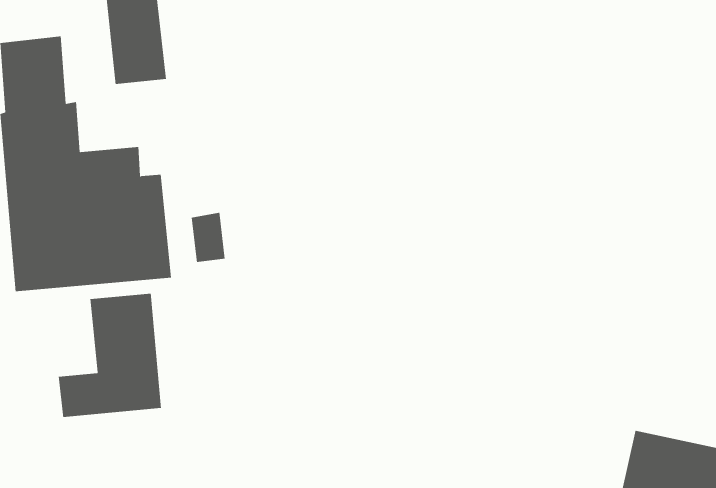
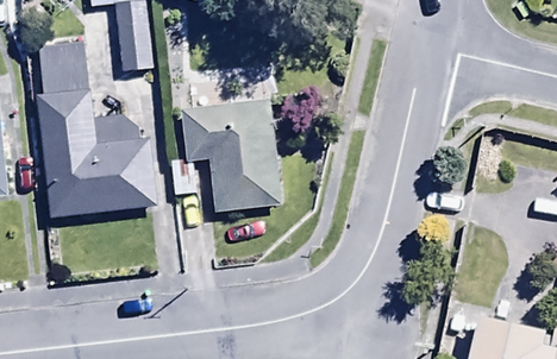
building: none -> [180,102,282,212]
building: [58,293,161,418] -> none

